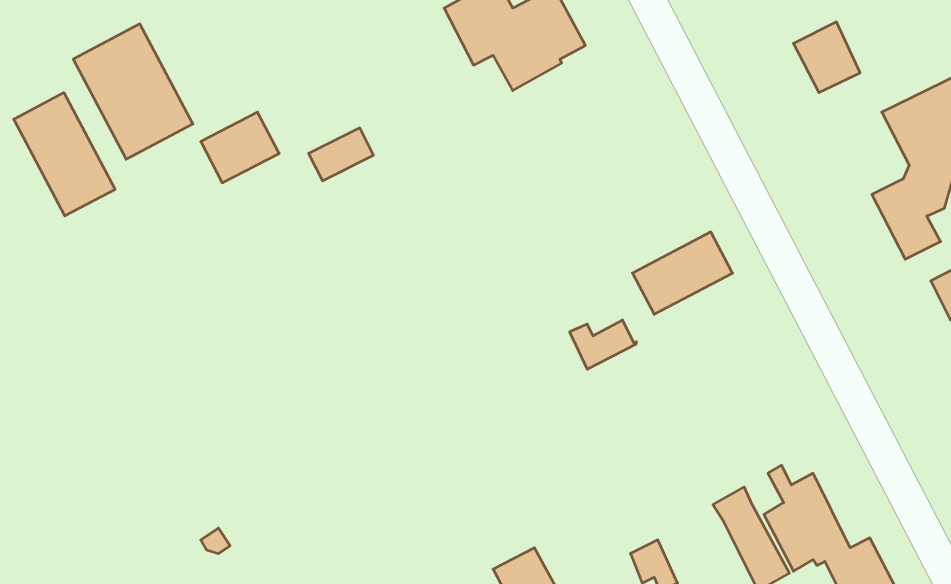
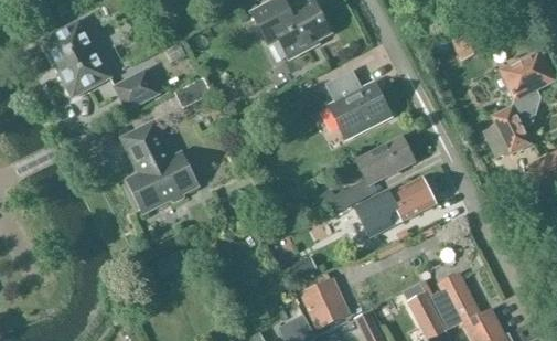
building: [14,93,115,216] -> none
building: none -> [325,68,390,137]
building: none -> [122,120,197,211]
building: none -> [355,177,436,236]
building: none -> [300,276,351,328]

